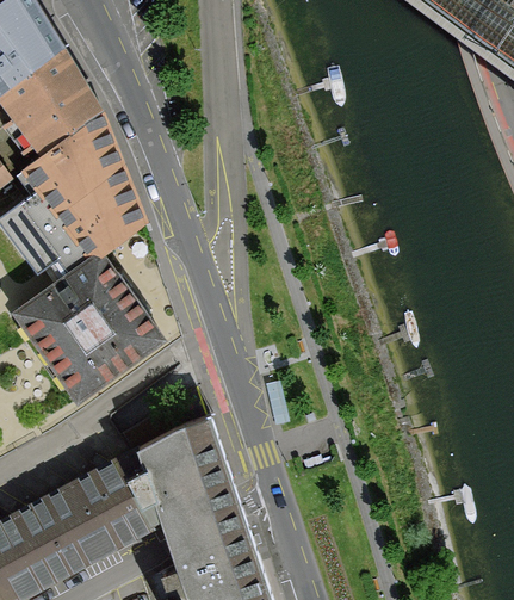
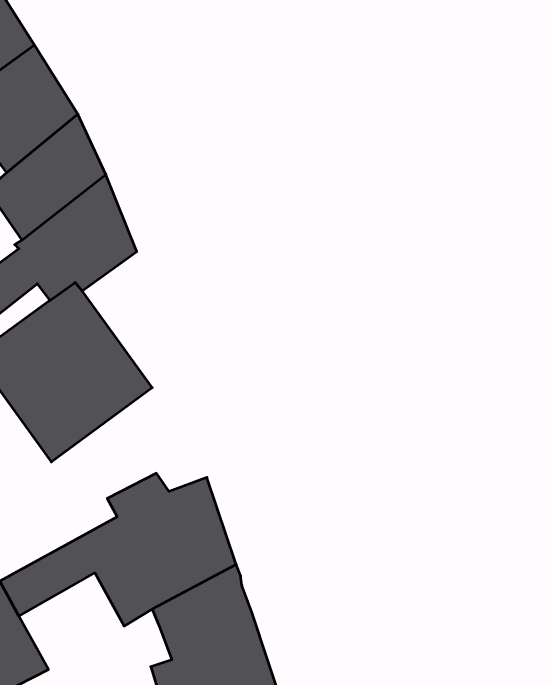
building: [49,496,138,579] -> none

